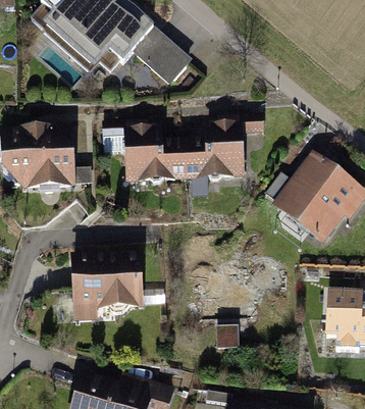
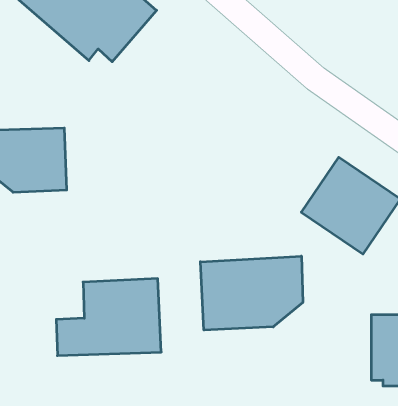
building: [135,23,192,80] -> none
building: [101,113,258,178] -> none
building: none -> [200,256,303,330]

